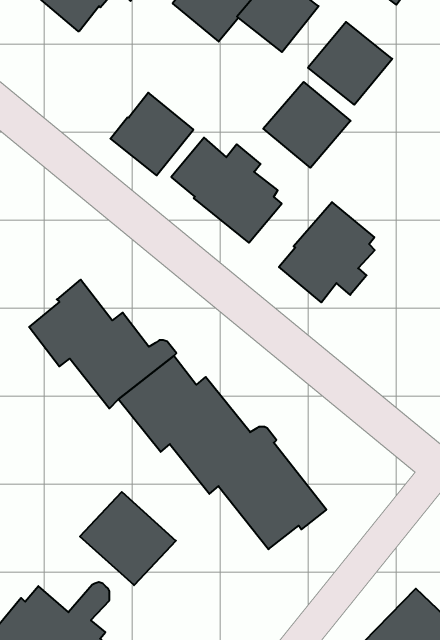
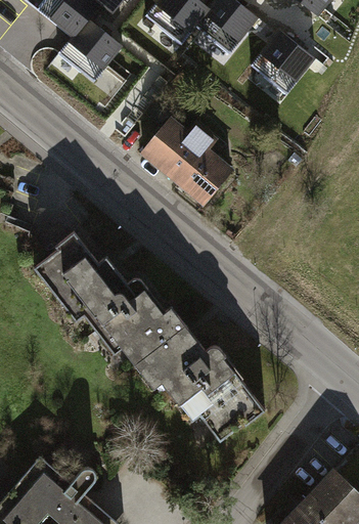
building: [263,82,351,168] -> none
building: [110,93,193,175] -> [57,18,122,83]
building: [279,202,375,302] -> none
building: [80,492,176,585] -> none

